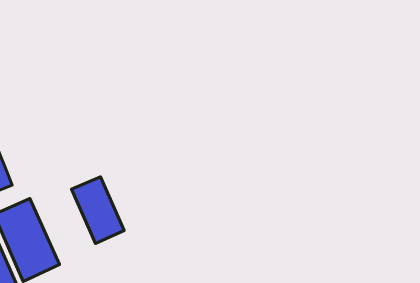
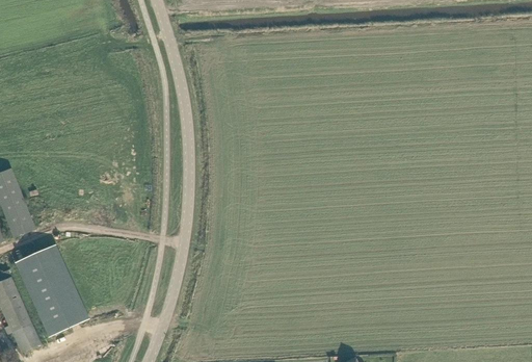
building: [71,177,124,244] -> none

